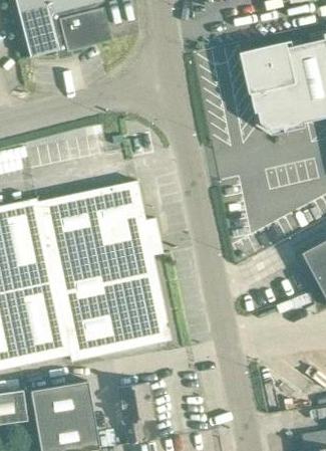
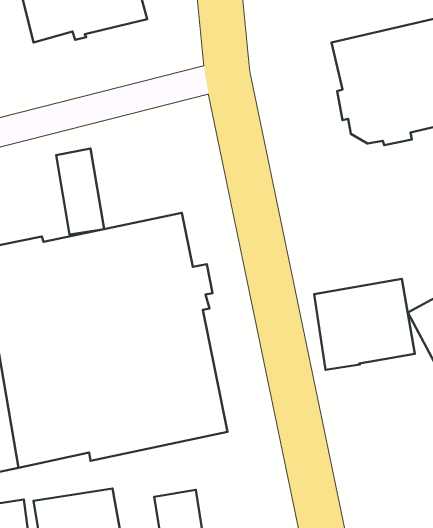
building: none -> [56,148,104,235]
building: none -> [314,279,415,370]

